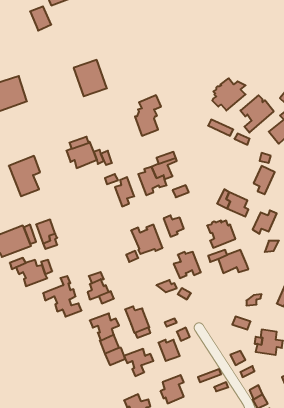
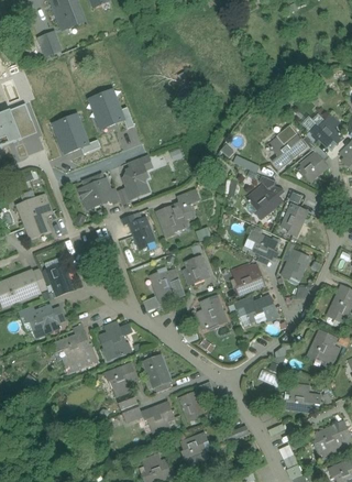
building: [212,78,246,111] -> [245,183,282,218]
building: none -> [53,113,89,154]
building: [135,95,161,136] -> [123,154,152,198]

